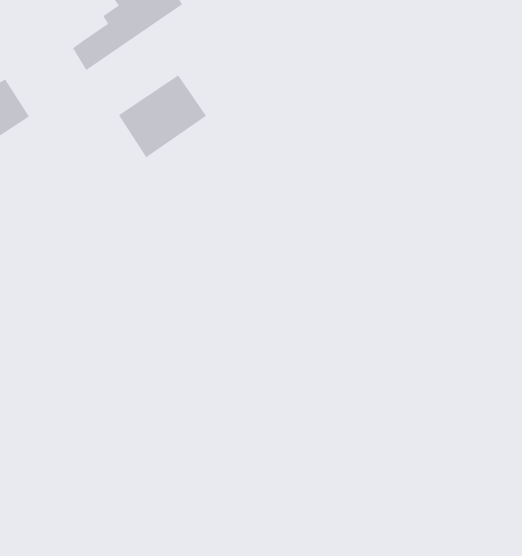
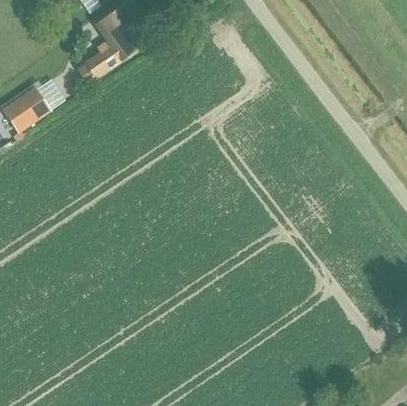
building: [118,75,207,158] -> none

